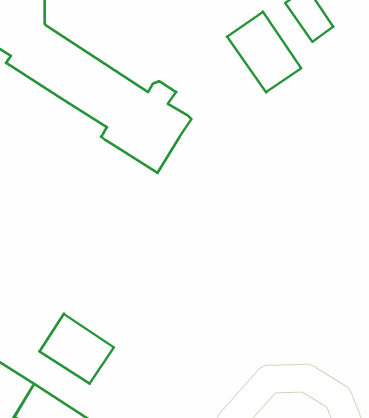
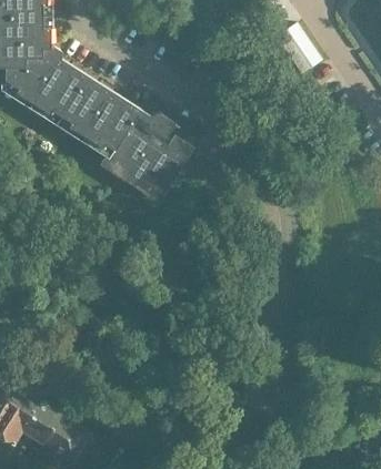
building: [227,12,301,92] -> none
building: [39,314,114,384] -> none

